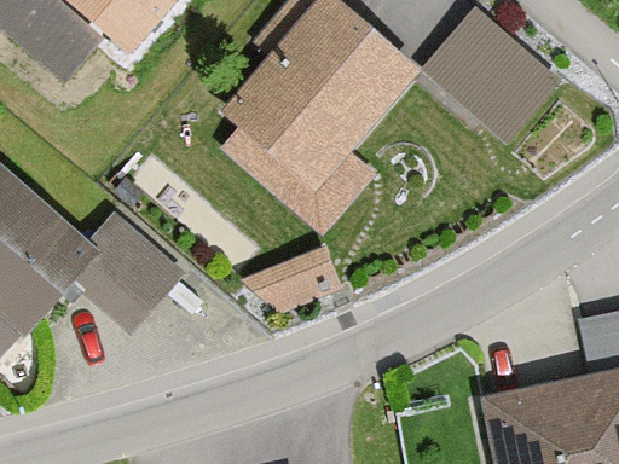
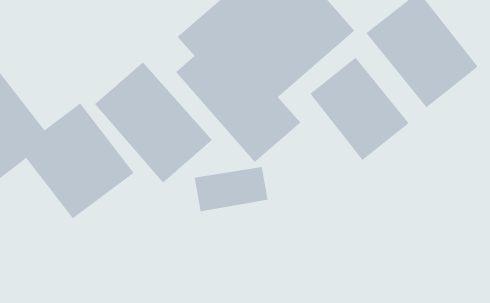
building: none -> [309,57,409,161]
building: none -> [94,61,213,183]

